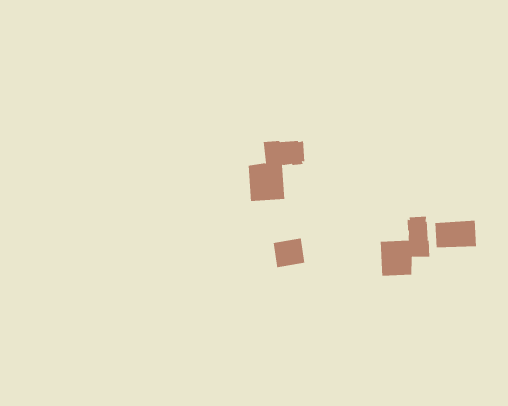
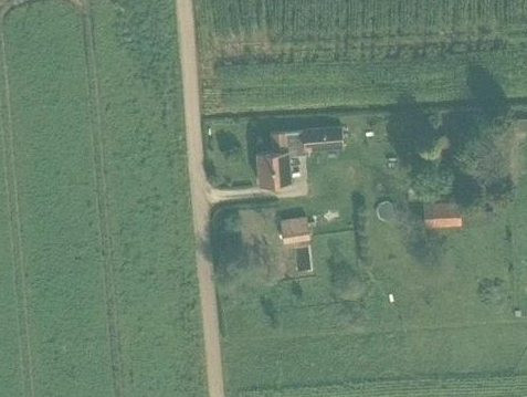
building: none -> [303,127,344,150]
building: [380,216,430,277] -> none

